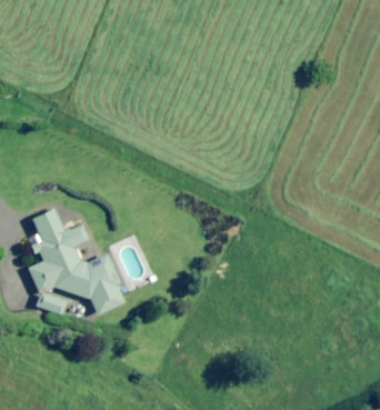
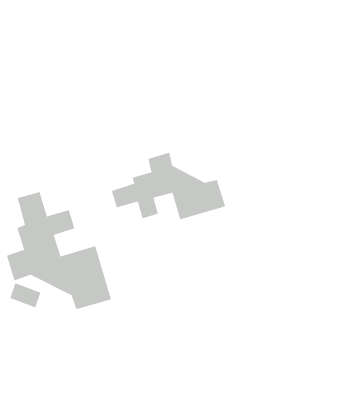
building: none -> [111,152,226,220]

